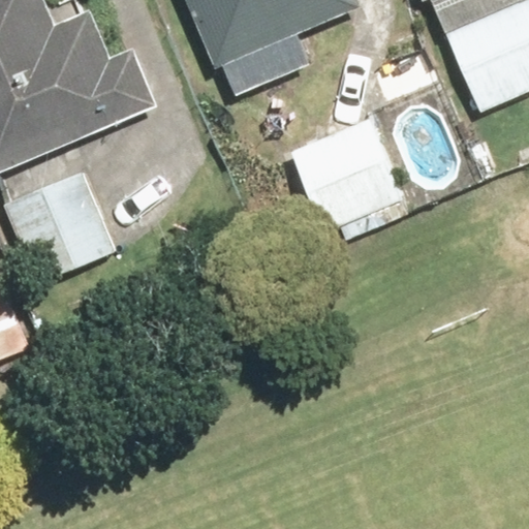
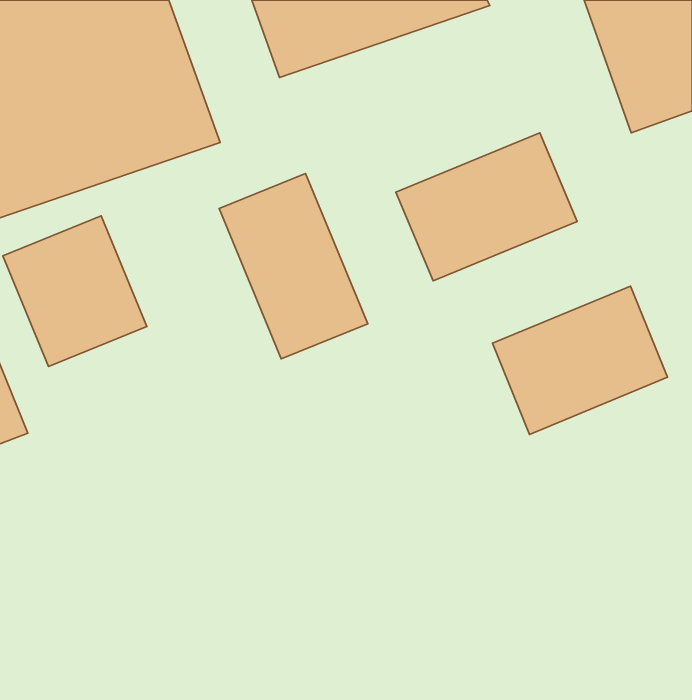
building: none -> [219,173,368,359]
building: none -> [492,286,668,434]

